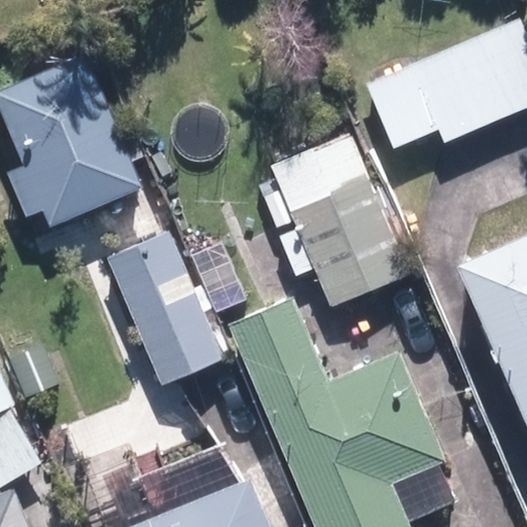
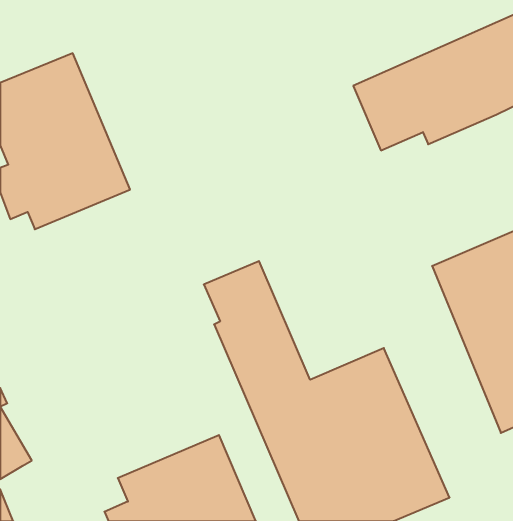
building: [268,128,416,310] -> none
building: [107,233,225,386] -> none

